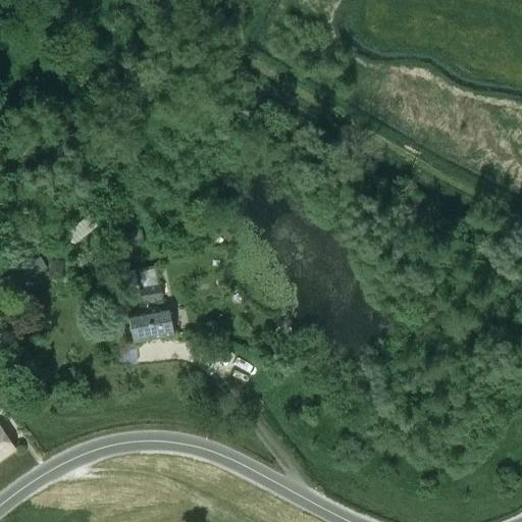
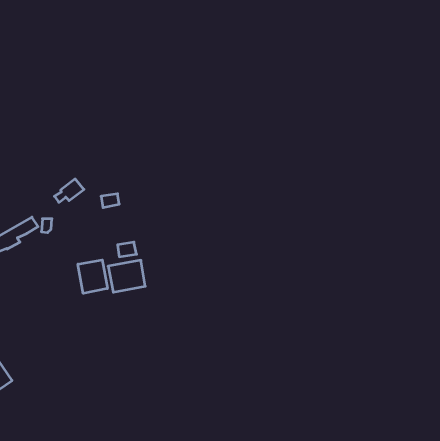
building: none -> [78,260,107,293]

